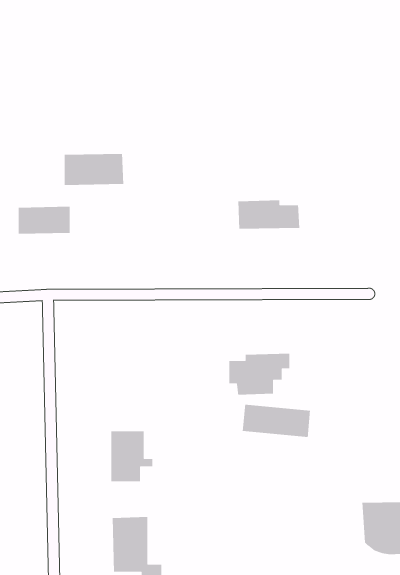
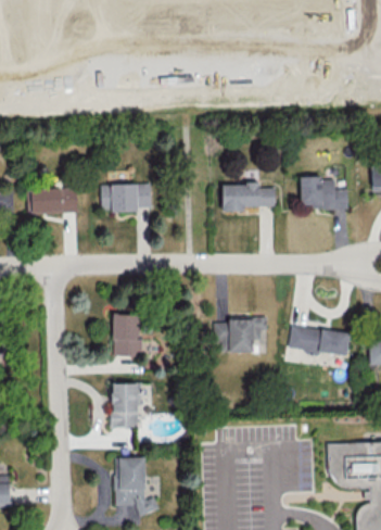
building: [64,153,124,186] -> [101,184,153,212]
building: none -> [300,177,348,210]
building: none -> [113,314,141,357]
building: [242,404,311,438] -> [289,327,348,356]

